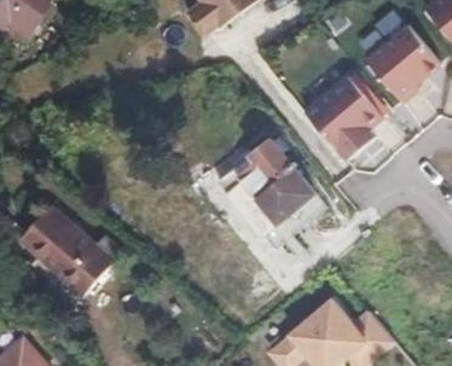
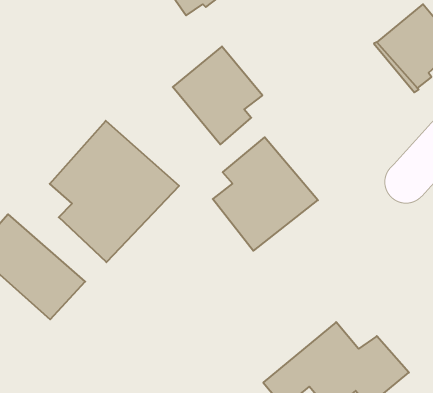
building: [303,74,381,158] -> [173,46,262,144]
building: none -> [50,121,179,262]

